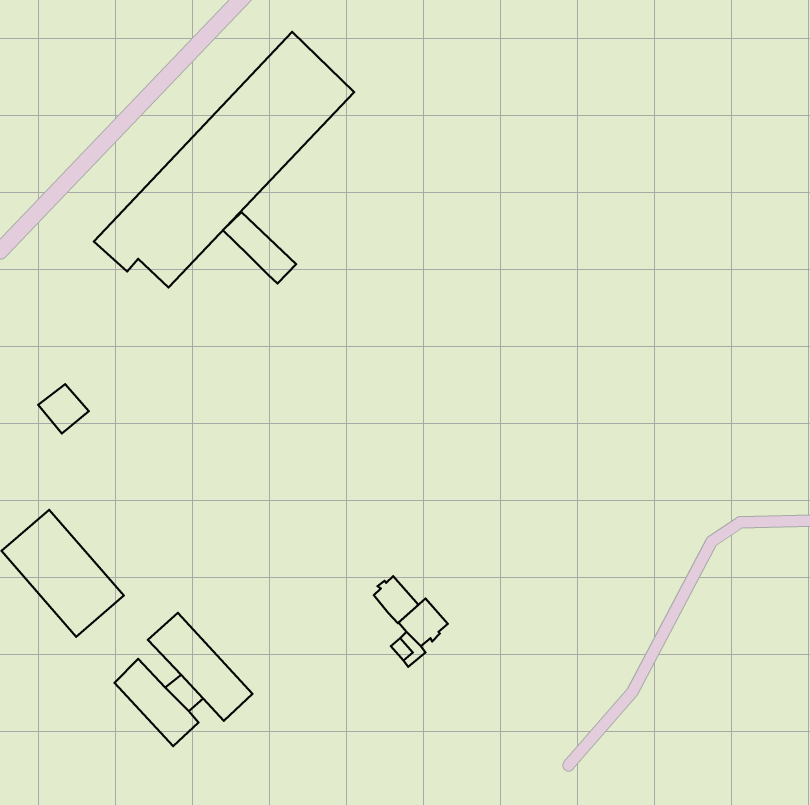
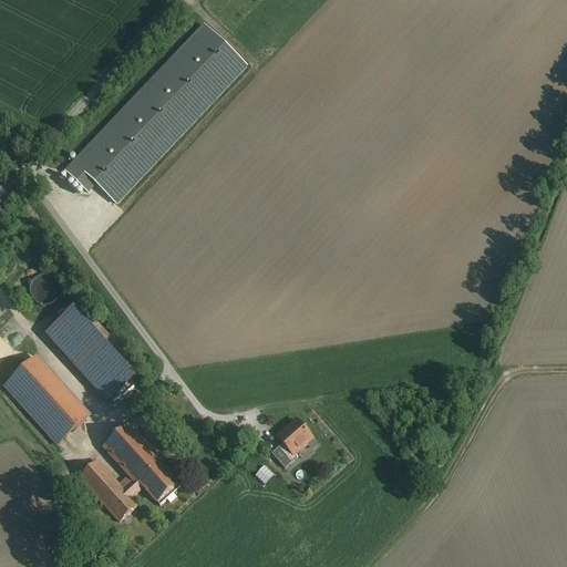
building: [223,212,296,283] -> none
building: none -> [41,301,136,400]
building: [374,576,419,623] -> none

